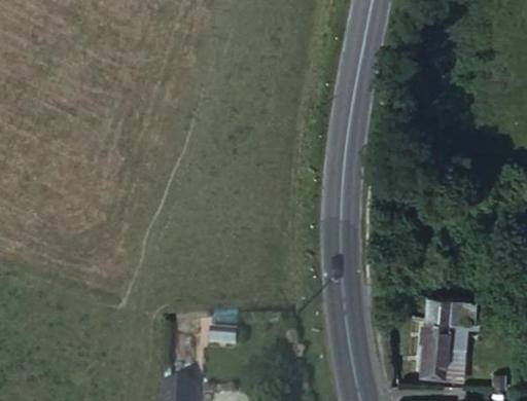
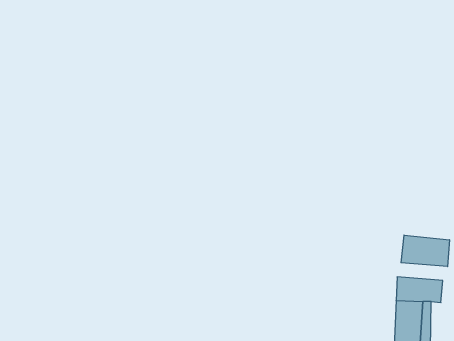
building: none -> [401,235,449,267]

